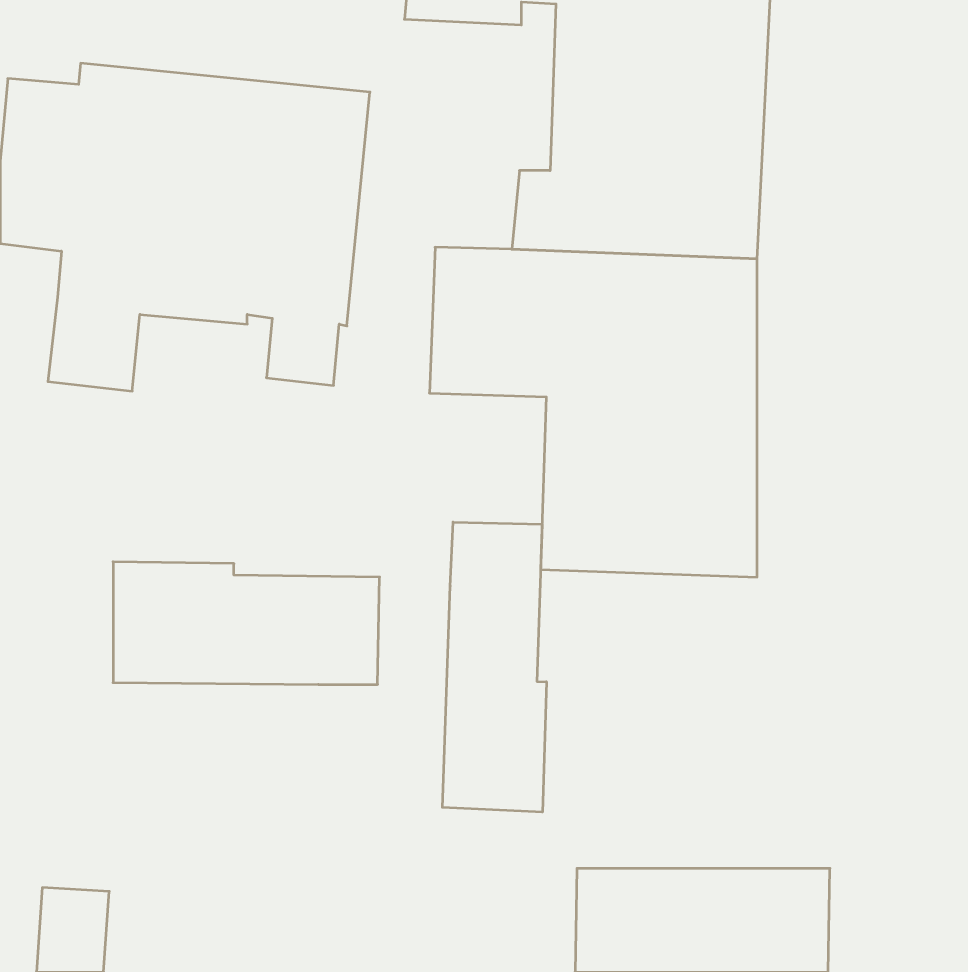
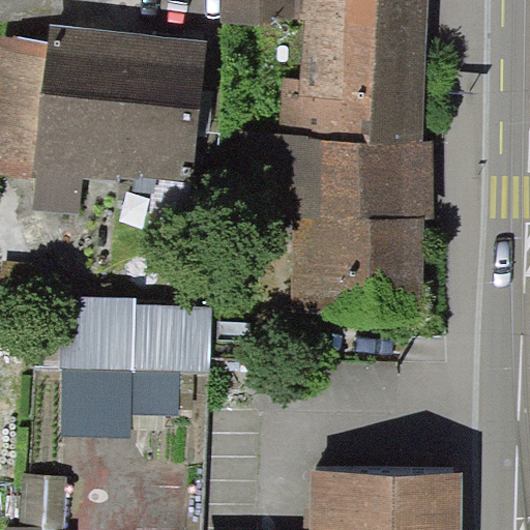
building: [442,522,546,812] -> none
building: none -> [66,369,178,424]

